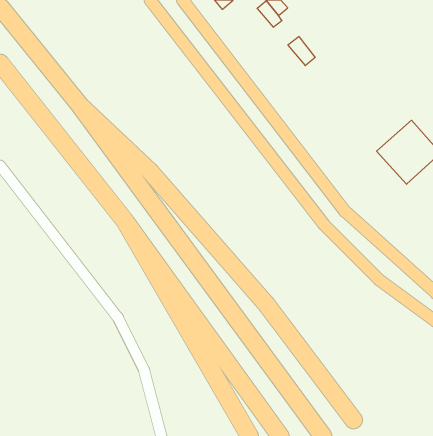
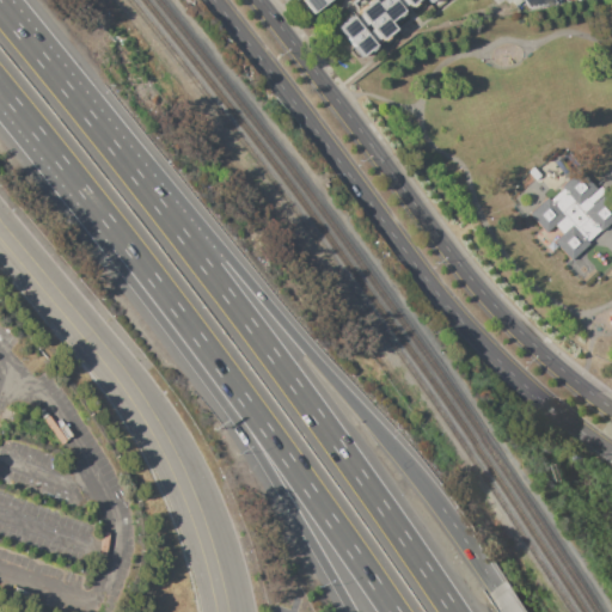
building: [288,37,315,66] -> [342,17,380,57]

